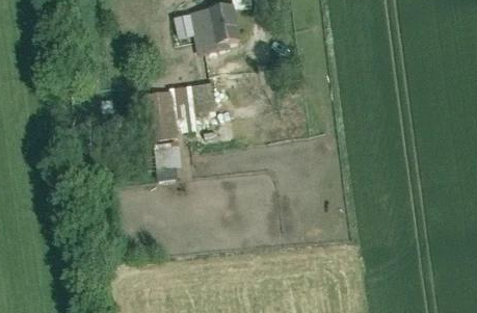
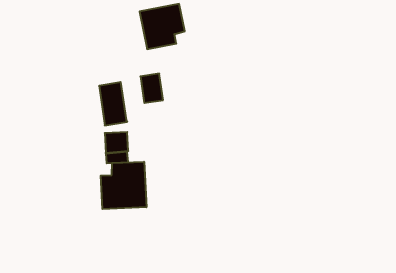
building: [167,85,195,133] -> none
building: none -> [101,162,146,209]

